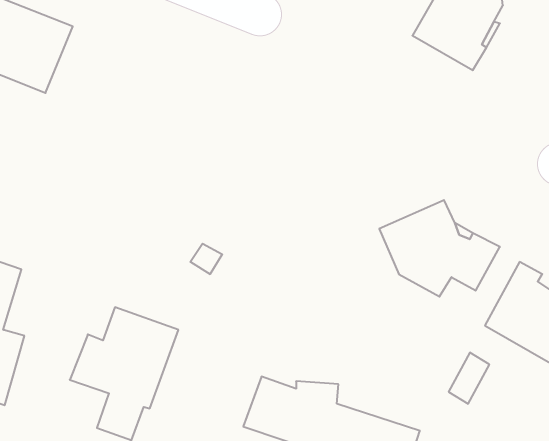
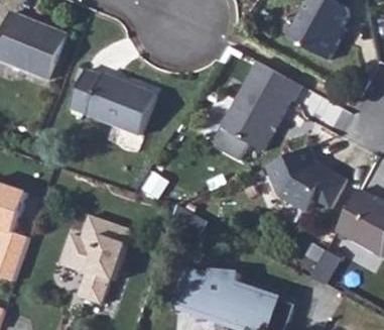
building: none -> [211,62,301,160]
building: none -> [67,65,151,132]

